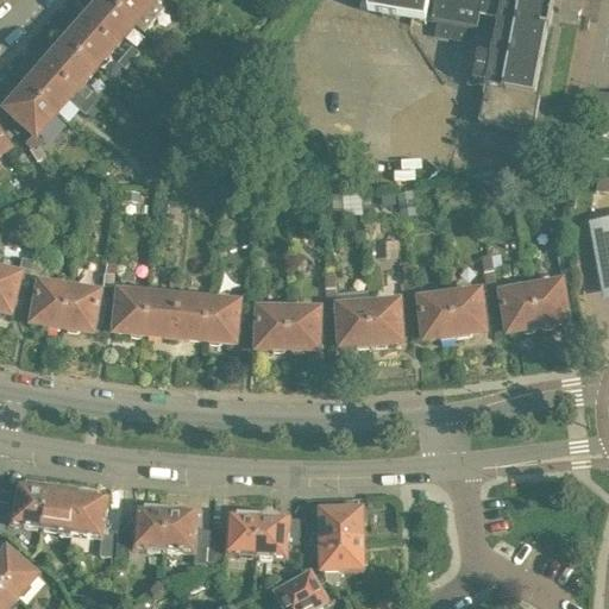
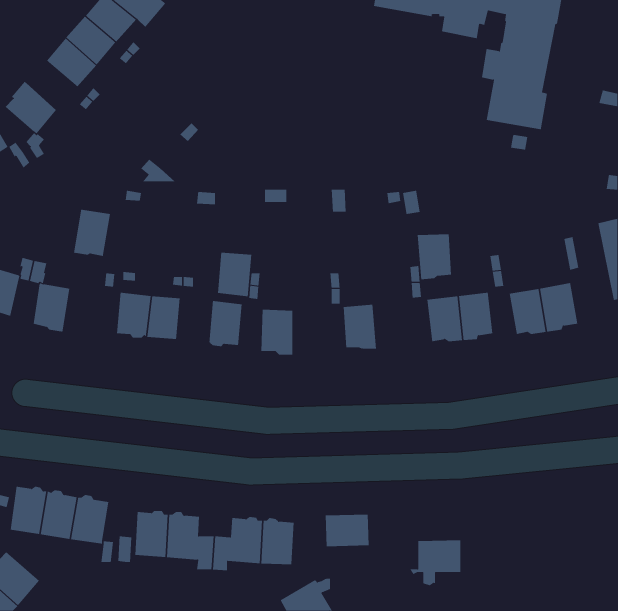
building: [26,59,76,108] -> none
building: [62,283,99,329] -> [73,209,111,256]
building: [174,293,208,337] -> [217,252,252,297]
building: [366,297,401,343] -> [417,234,452,280]
building: [288,304,319,349] -> none
building: [312,535,363,580] -> [409,540,461,586]

